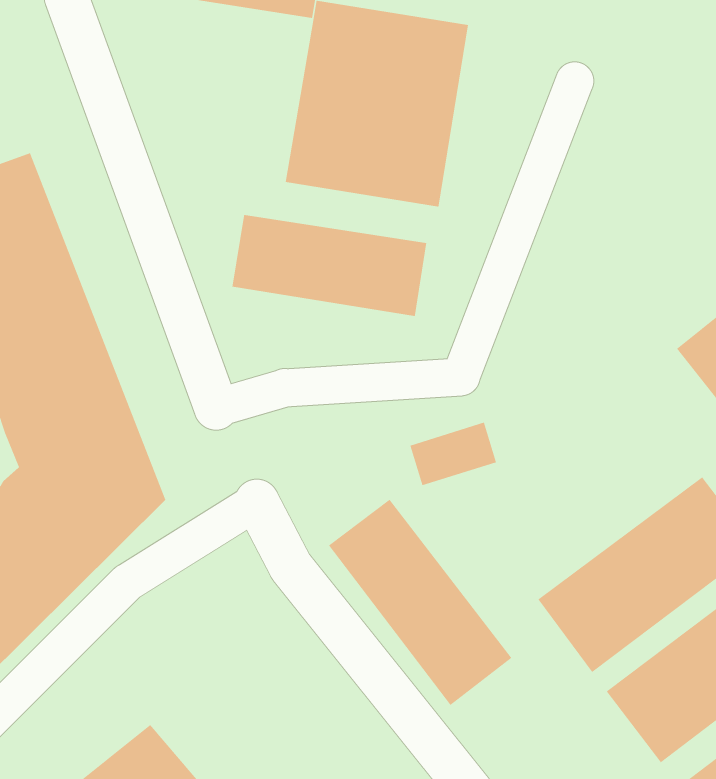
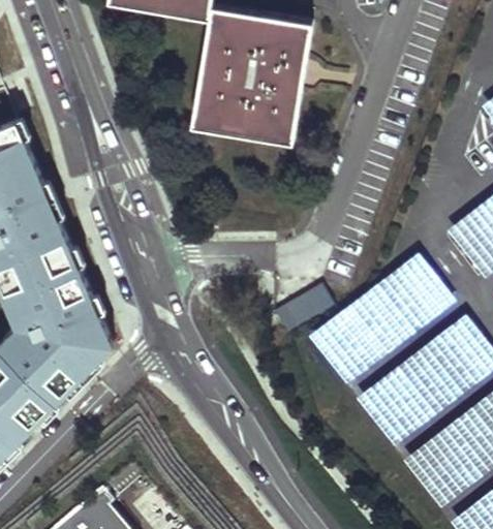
building: [232,214,427,317] -> none
building: none -> [310,255,456,385]
building: [328,499,512,706] -> none

